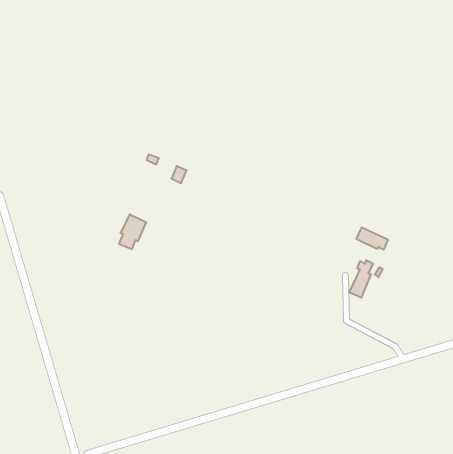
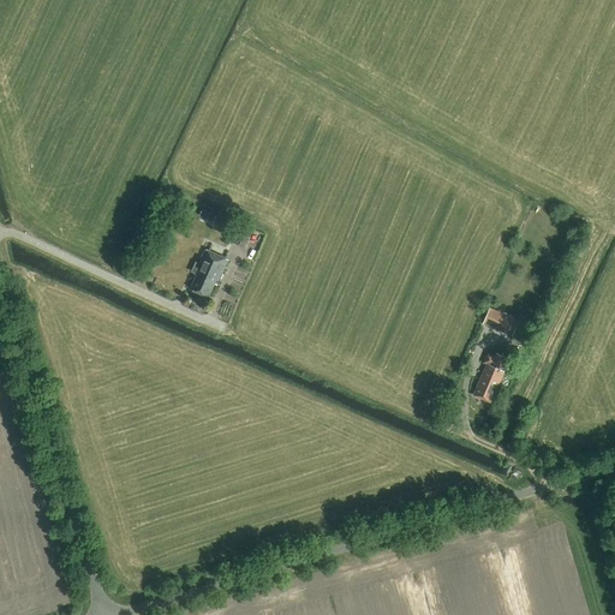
building: [119,214,146,249] -> [190,249,227,295]

